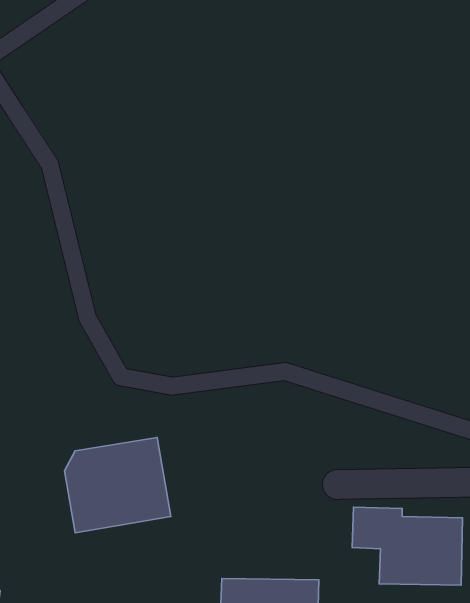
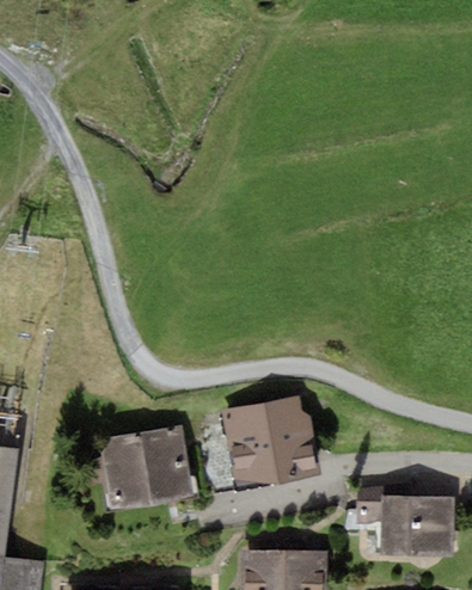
building: none -> [221,397,320,484]

